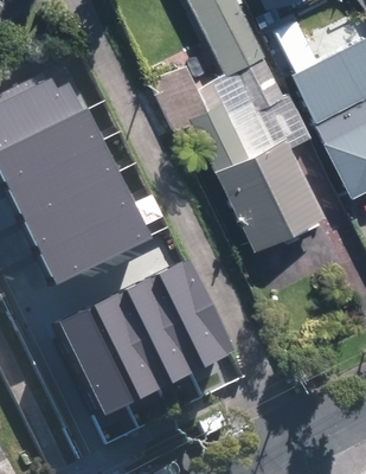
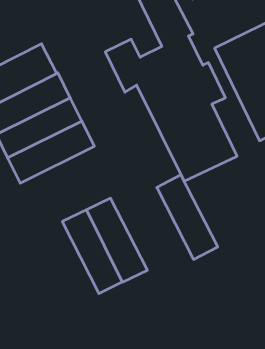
building: [38,205,152,284] -> none
building: [158,257,238,369] -> [157,175,218,259]
building: [60,305,142,417] -> none

